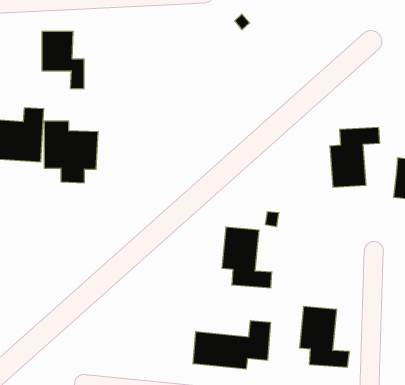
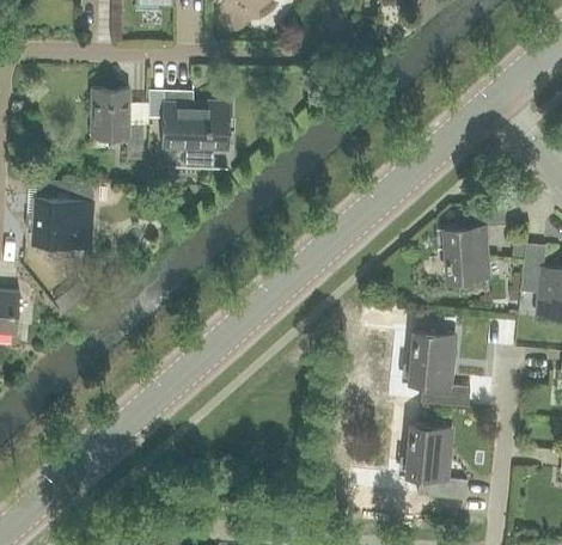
building: [44,121,98,183] -> [164,91,230,166]
building: [222,227,272,288] -> [409,332,470,406]
building: [193,320,270,369] -> none

